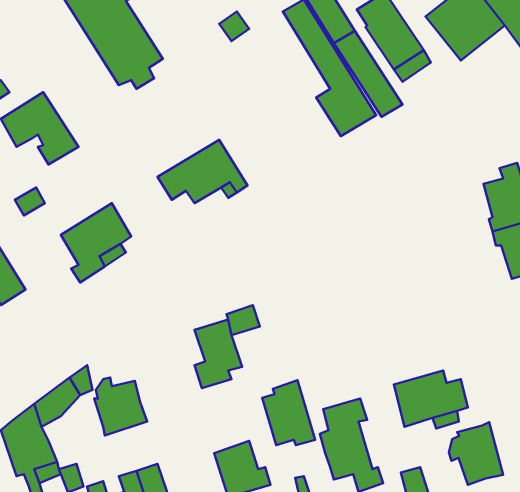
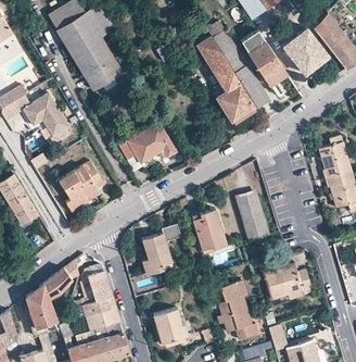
building: none -> [238,194,269,241]
building: [262,380,315,445] -> [193,210,226,250]
building: none -> [81,297,119,333]
building: [449,422,503,485] -> none

